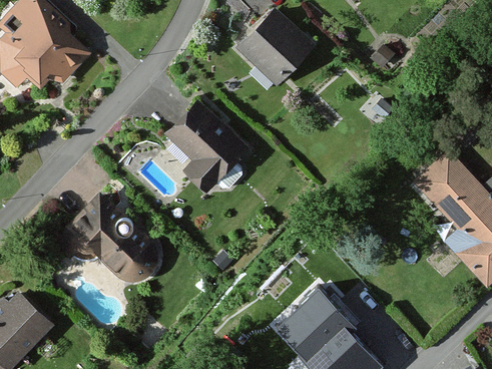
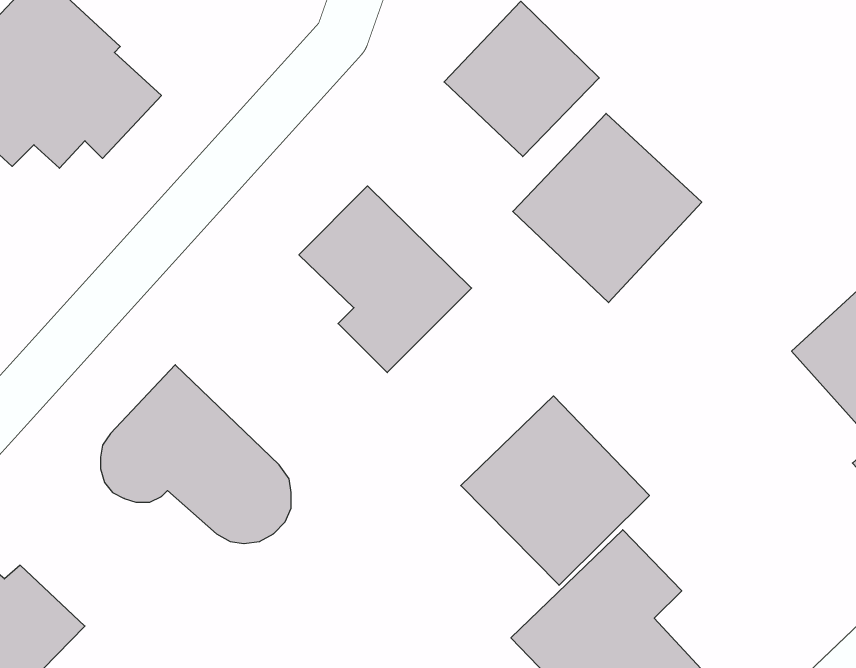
building: none -> [513,113,702,303]
building: none -> [461,396,649,585]

